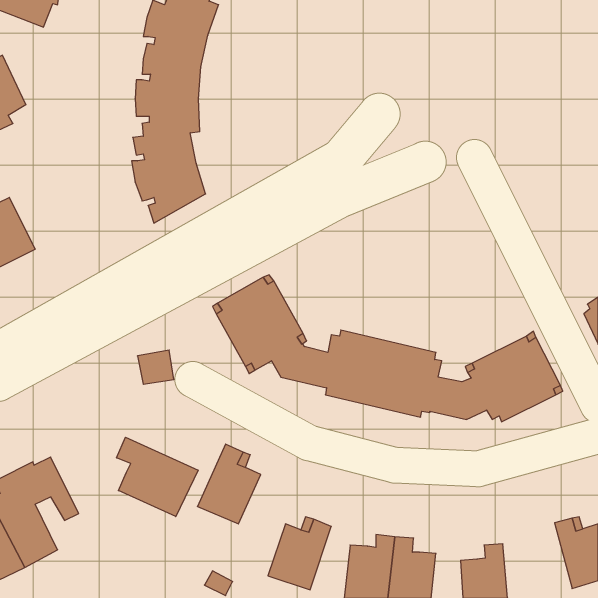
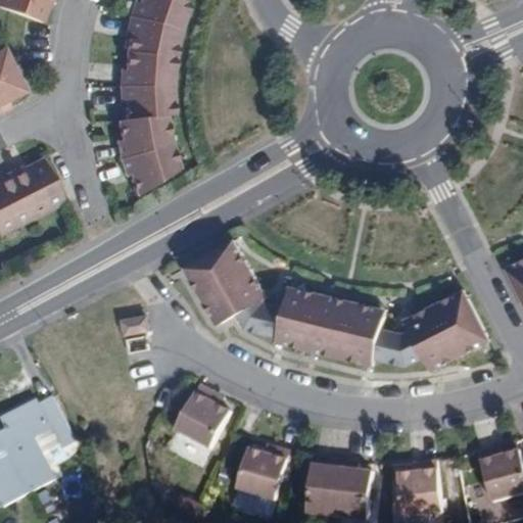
building: none -> [8,158,64,217]
building: [117,437,198,517] -> none

